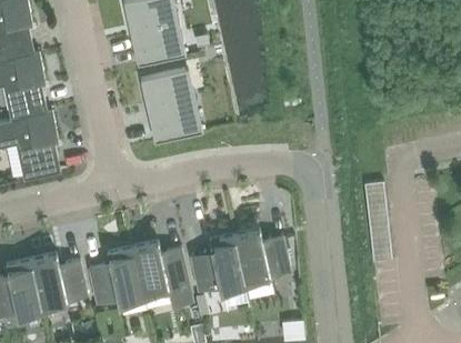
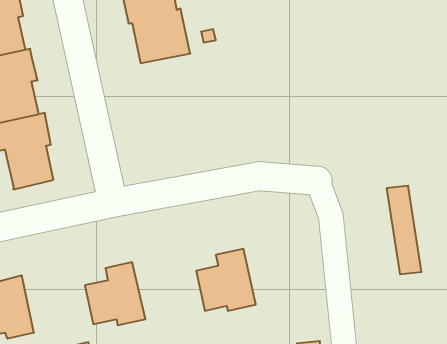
building: [139,70,201,143] -> none
building: [233,230,289,286] -> none
building: [131,242,192,307] -> none
building: [30,254,87,312] -> none

